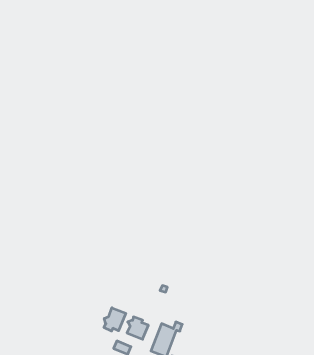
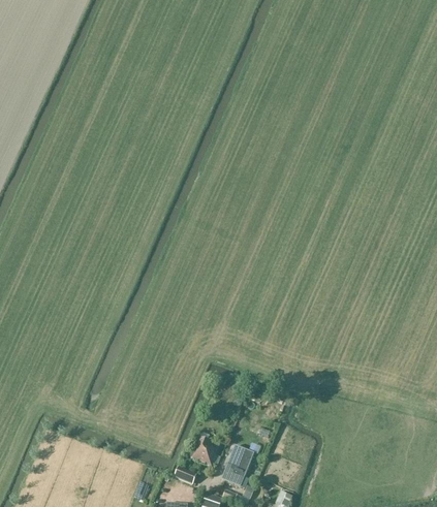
building: [104,308,126,331] -> none

